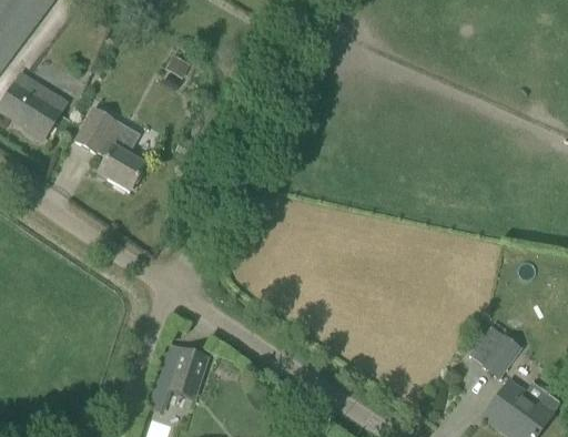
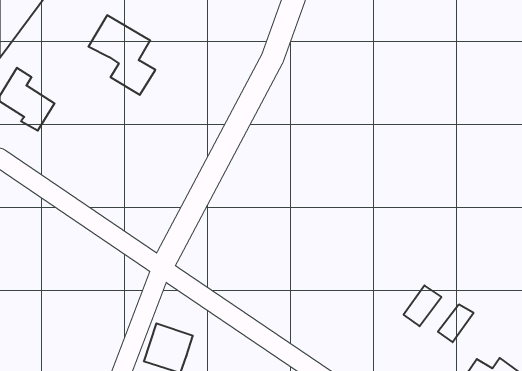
building: [74,106,145,191] -> [88,15,155,95]
building: [481,333,521,376] -> [404,285,441,326]

